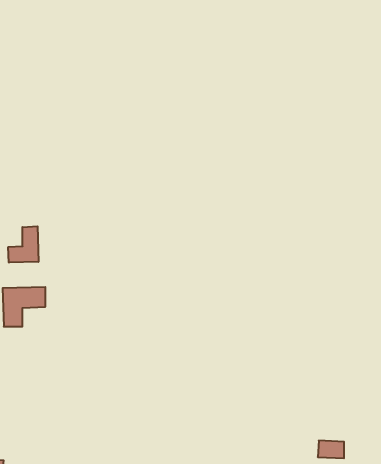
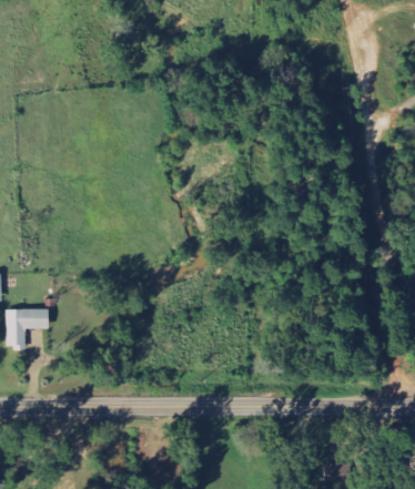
building: [8,226,38,263] -> none

